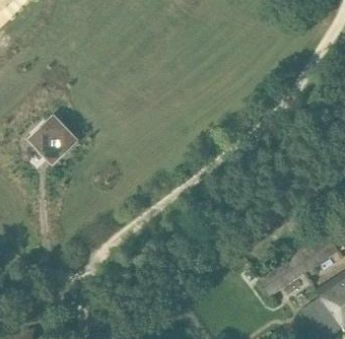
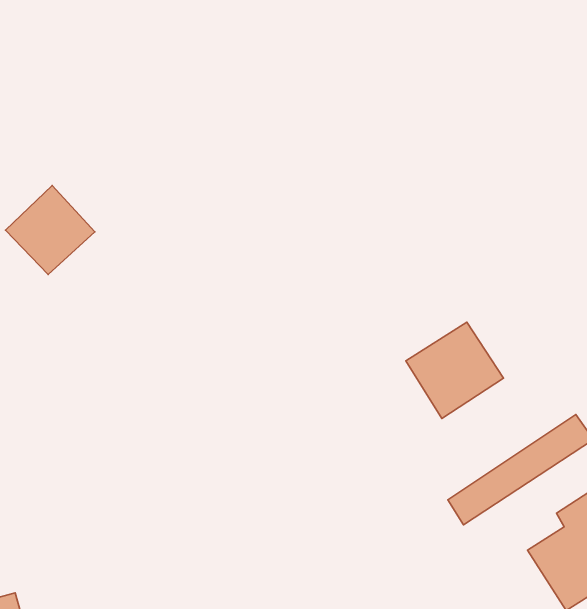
building: none -> [406,322,503,419]

